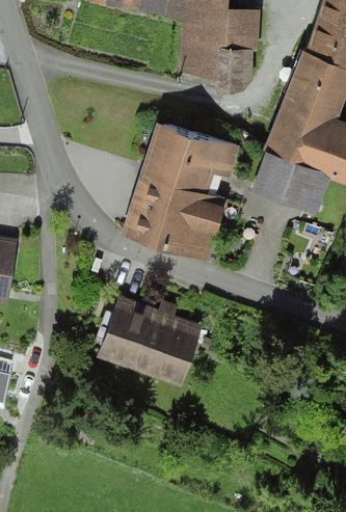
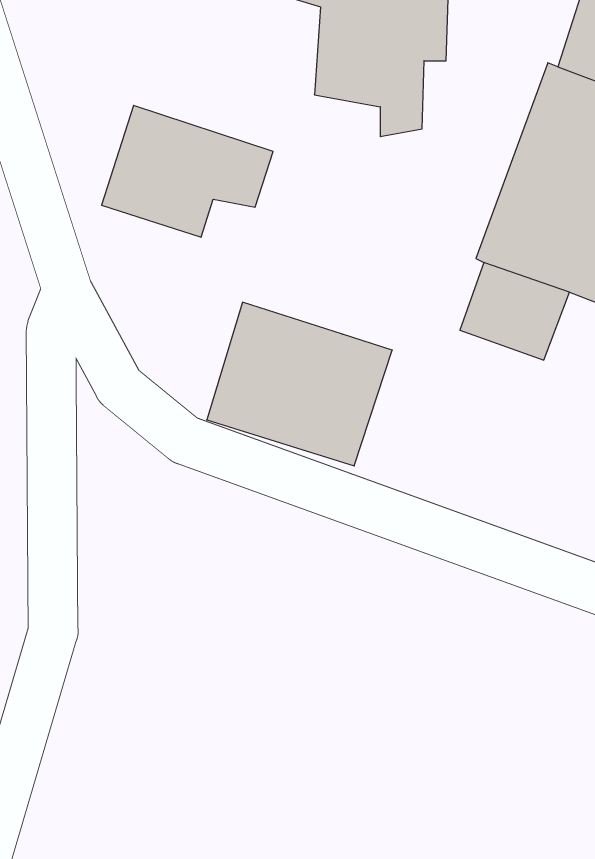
building: [149,120,238,189] -> [102,105,273,237]
building: [97,297,198,384] -> none

